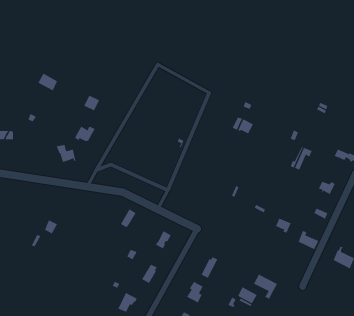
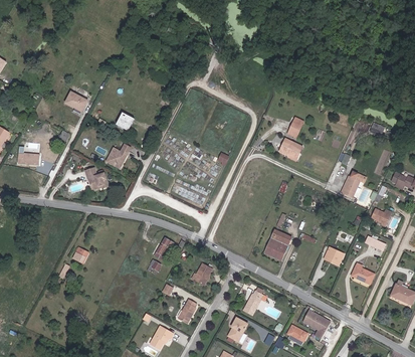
building: none -> [264,229,290,258]

